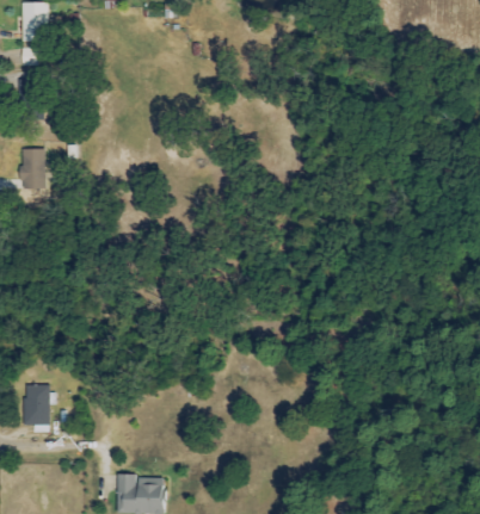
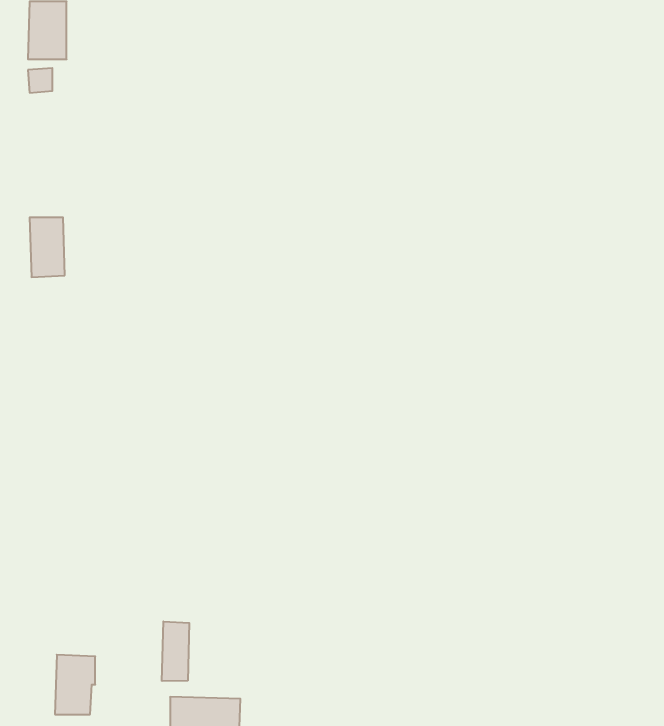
building: [25,384,53,425] -> [55,655,95,714]
building: none -> [162,621,189,681]

